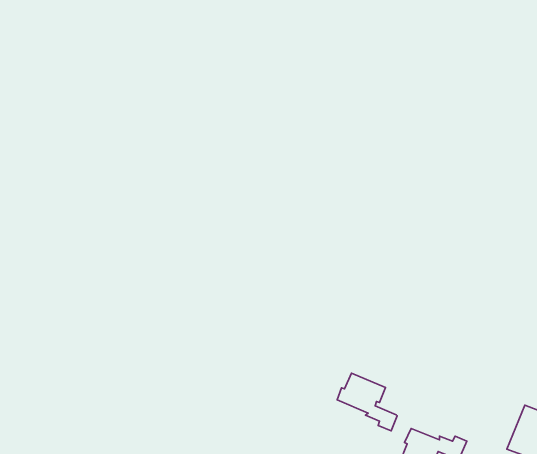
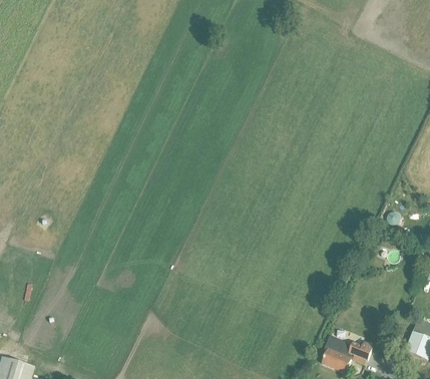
building: [337,373,397,431] -> none

